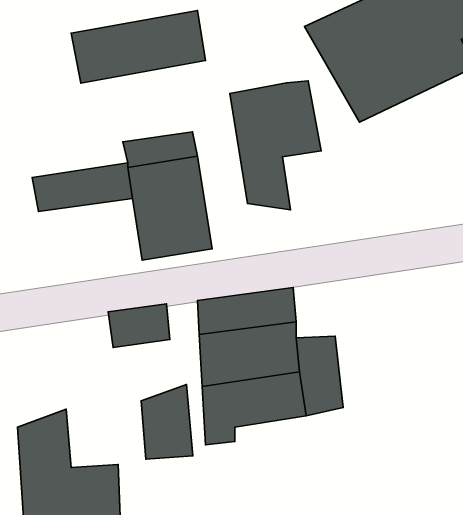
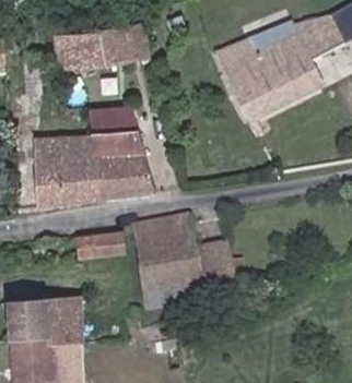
building: [230,81,321,210] -> none
building: none -> [31,160,101,210]
building: [141,385,193,459] -> [49,291,84,342]

